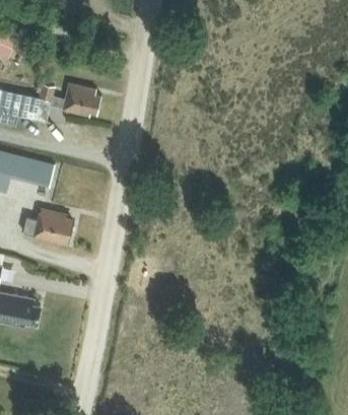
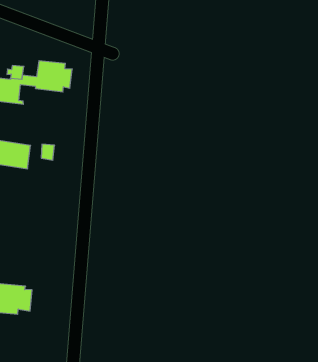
building: [23,210,73,243] -> none

